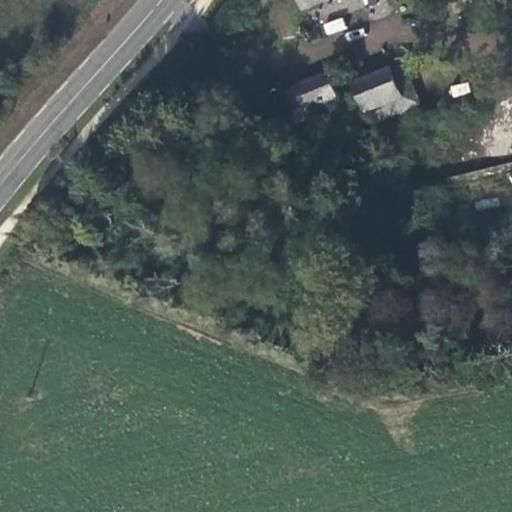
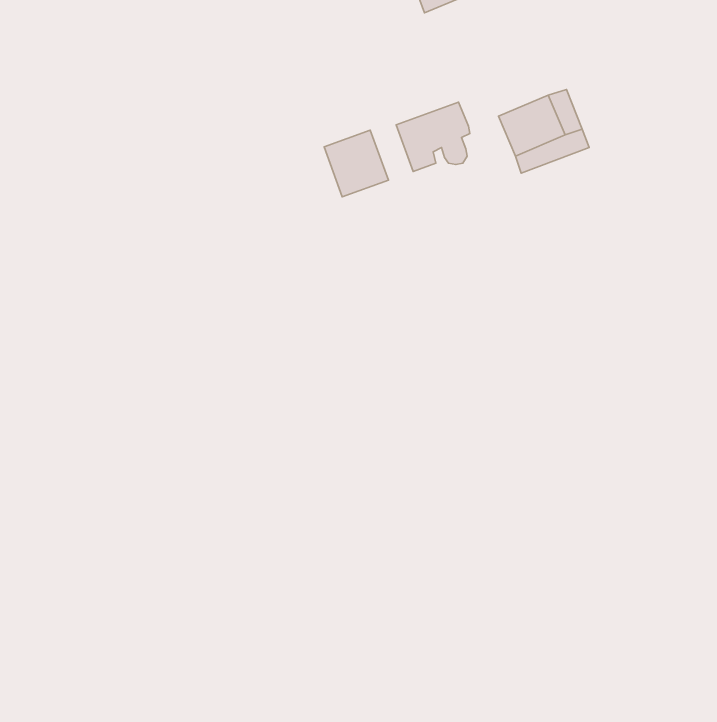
building: none -> [324,130,388,197]

